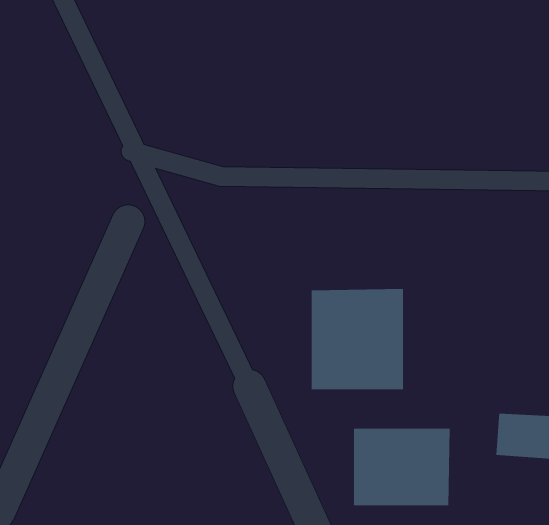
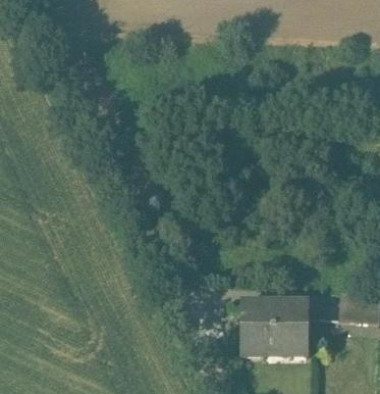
building: [311,288,404,390] -> none

